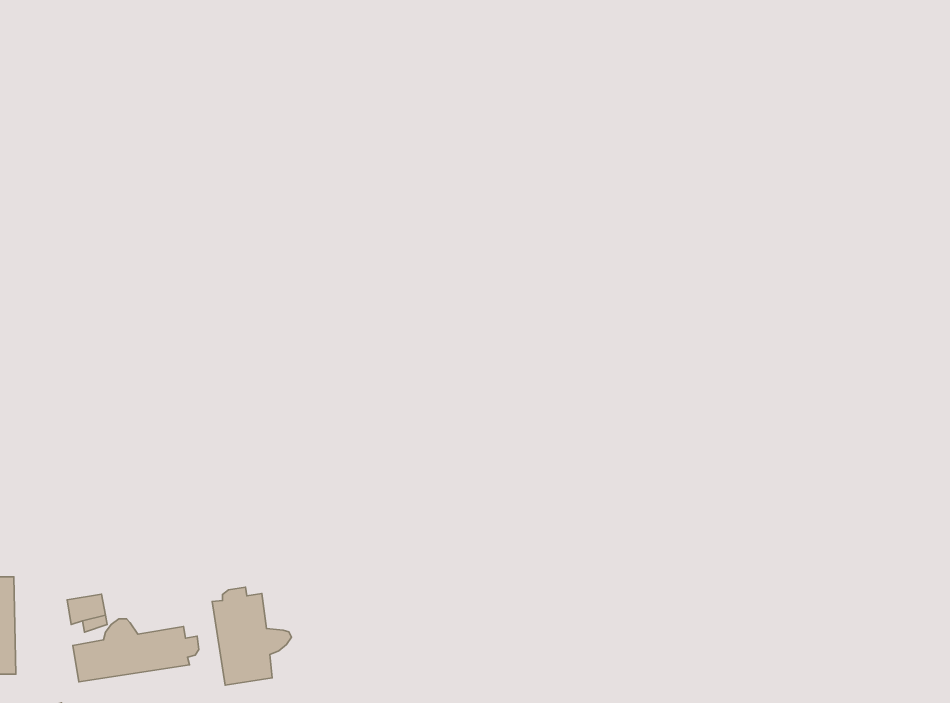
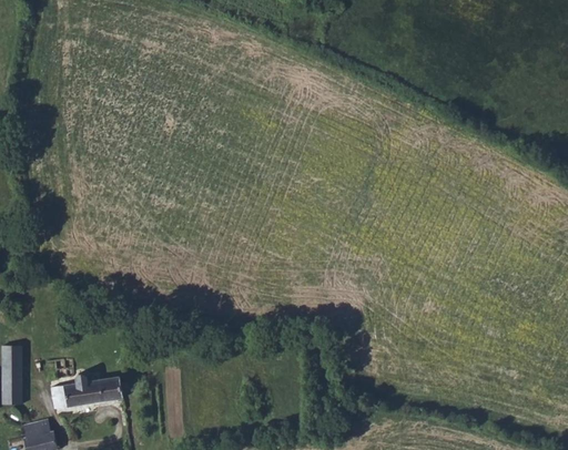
building: [212,587,291,685] -> none

